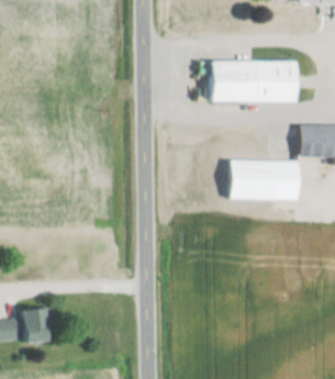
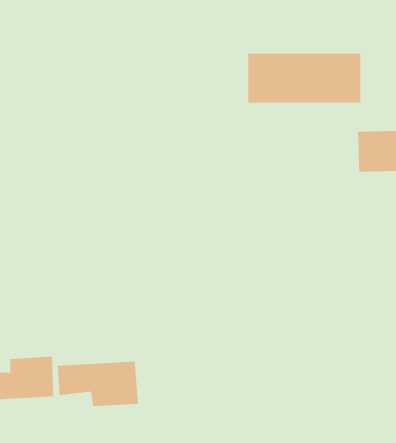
building: [227,159,300,199] -> none
building: none -> [57,361,139,407]

